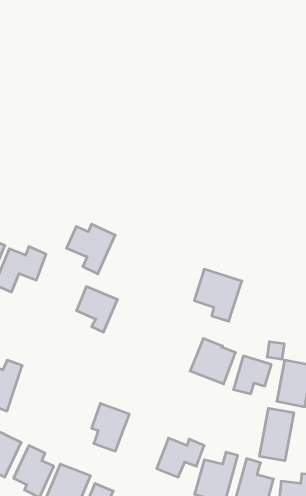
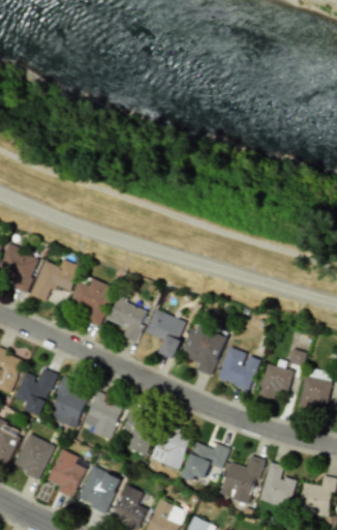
building: [66,224,115,274] -> [68,278,115,326]
building: [194,269,242,321] -> [180,326,225,376]
building: none -> [145,312,185,359]
building: none -> [48,377,88,429]
building: none -> [84,392,125,440]
building: [260,408,294,461] -> none
building: none -> [151,428,192,470]

